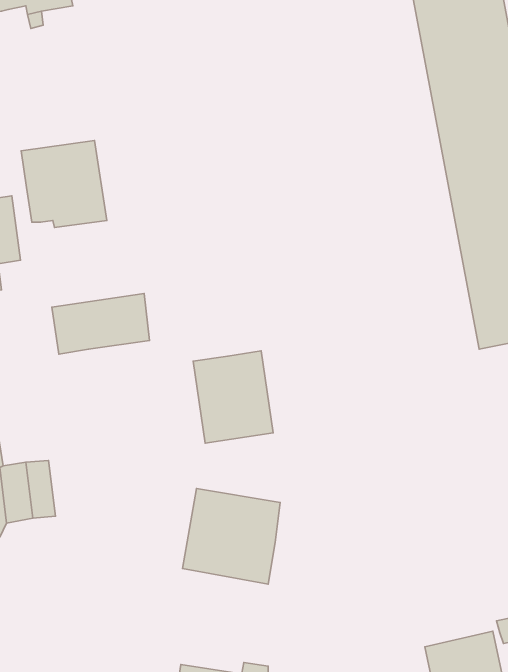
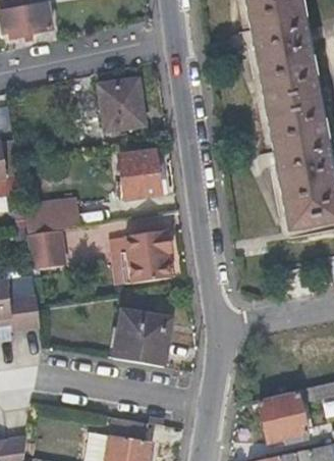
building: [21,140,107,228] -> [98,81,148,132]
building: none -> [113,150,157,201]
building: none -> [29,229,66,270]

